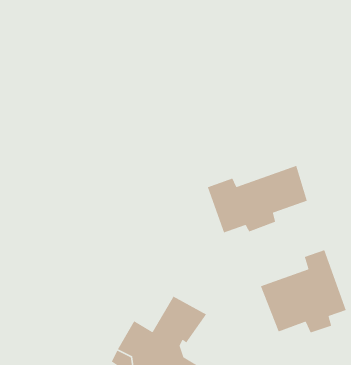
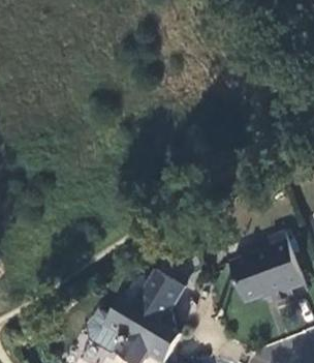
building: [207,165,308,234] -> none

